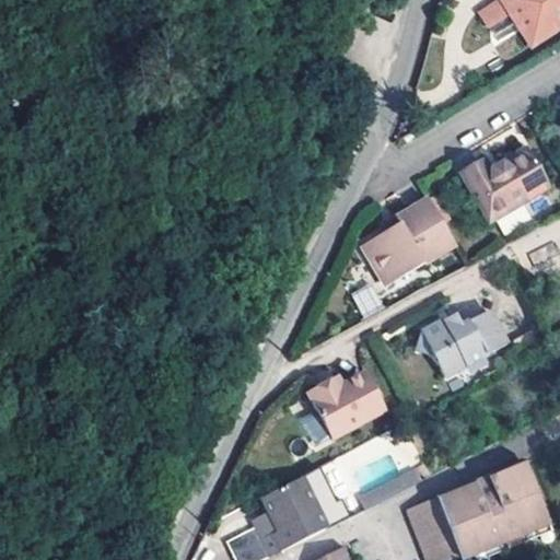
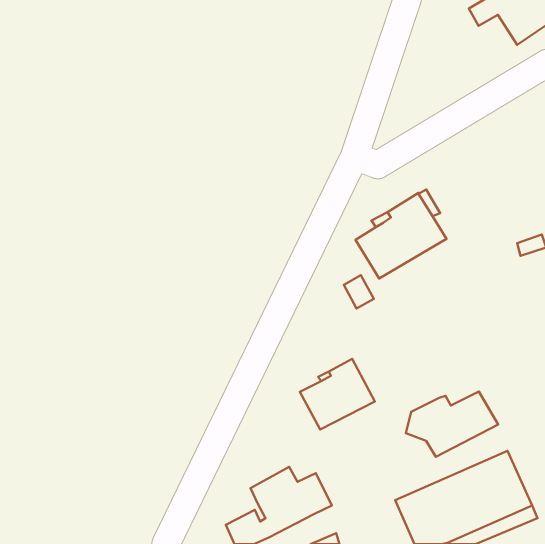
building: [460,149,548,221] -> none
building: [407,314,501,381] -> [406,391,498,457]

